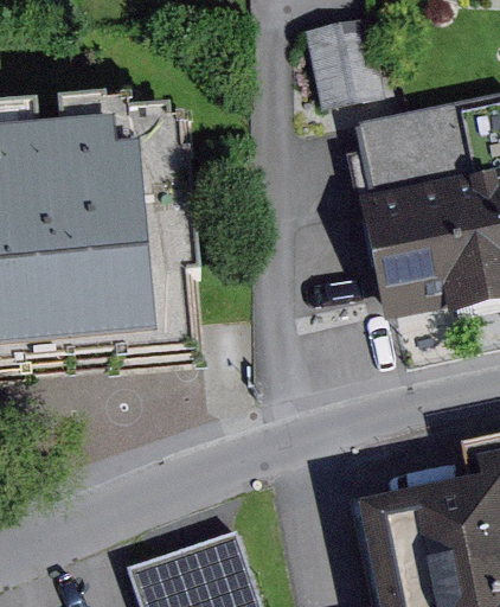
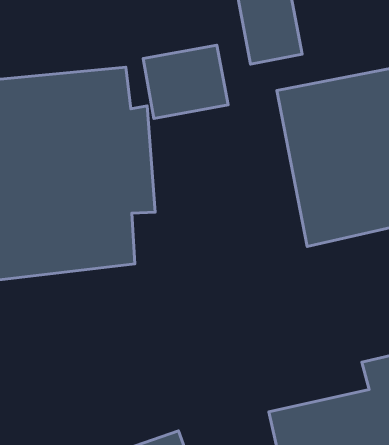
building: none -> [143,45,228,119]

